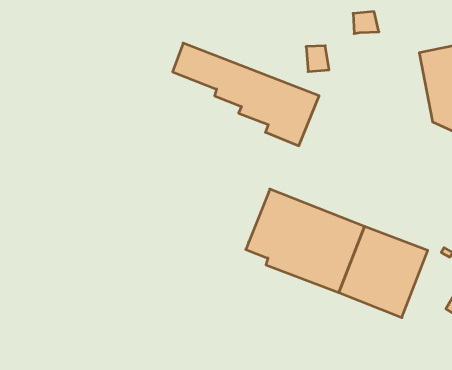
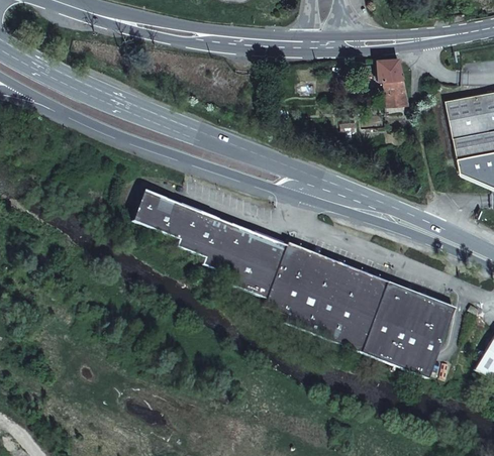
building: [173,43,319,146] -> [133,190,288,298]
building: [306,46,329,72] -> [384,77,408,104]

